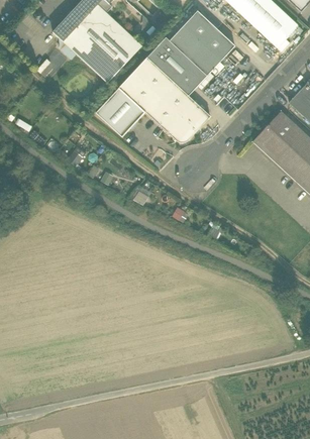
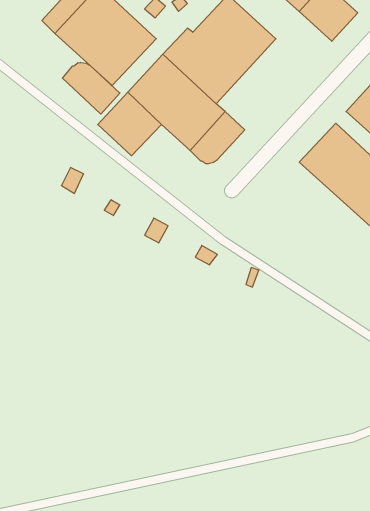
building: none -> [62,62,120,114]

